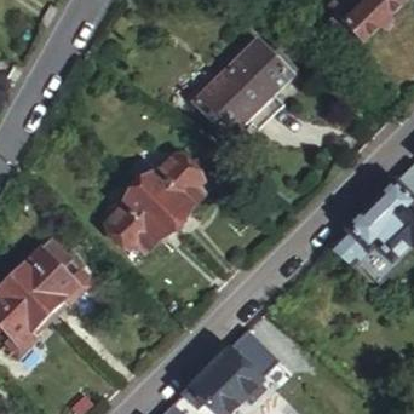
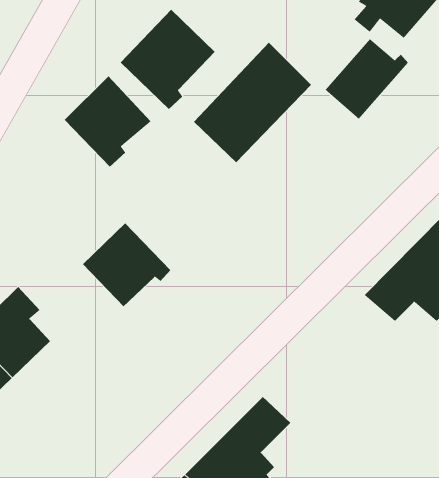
building: none -> [120,9,216,110]
building: none -> [325,38,409,120]
building: [138,151,209,226] -> [64,75,151,167]

